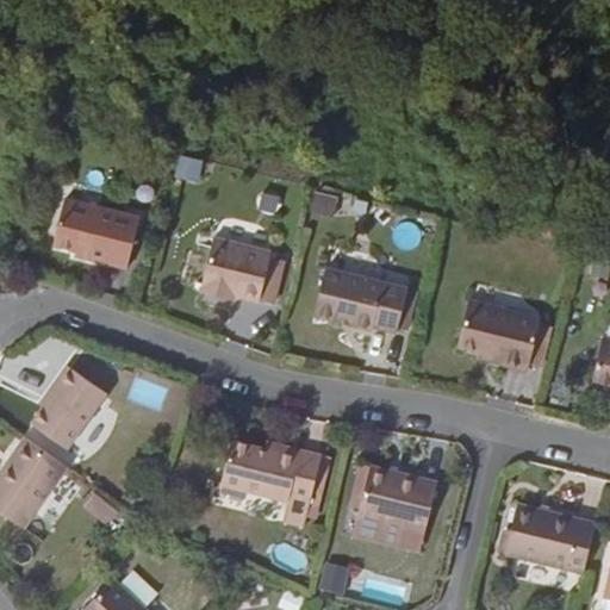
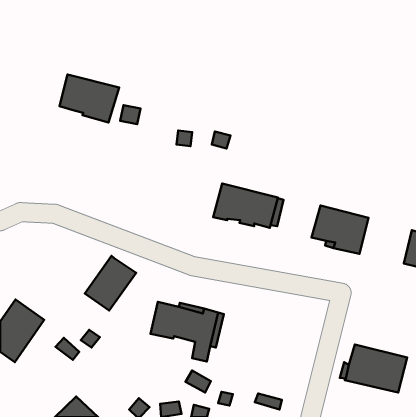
building: [54,199,141,269] -> [59,74,119,123]
building: [200,237,272,303] -> none
building: [31,369,106,449] -> [85,256,136,310]
building: [357,467,436,531] -> none

